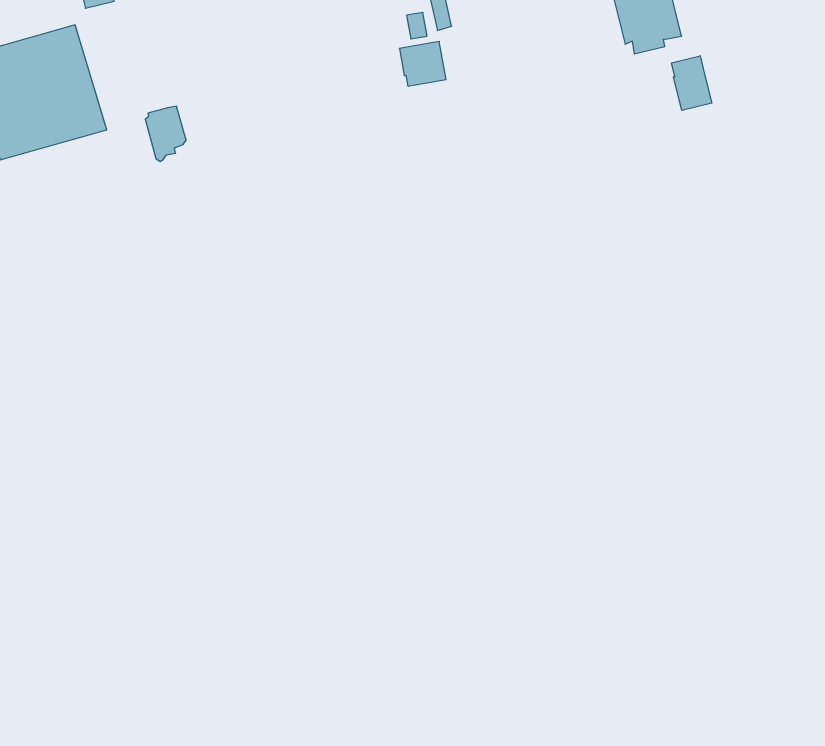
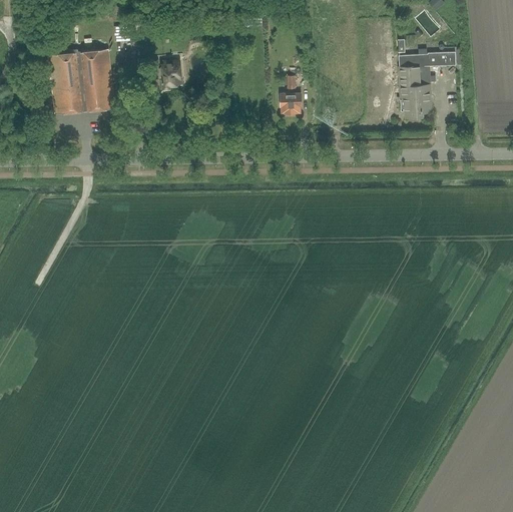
building: [672,56,712,110] -> none
building: [145,106,186,162] -> [161,60,181,88]

